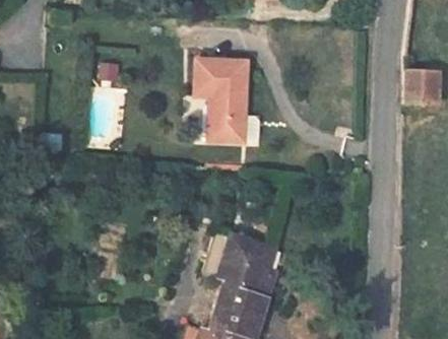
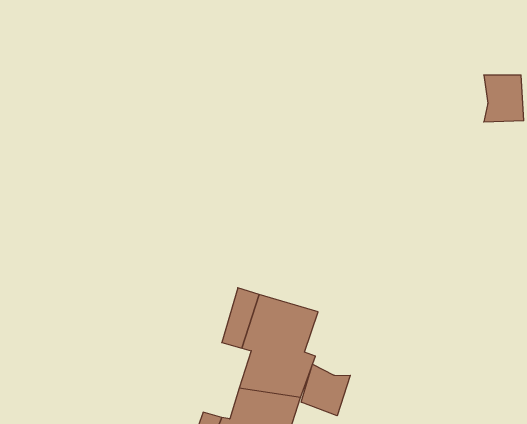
building: [194,62,248,143] -> none
building: none -> [301,364,350,416]

